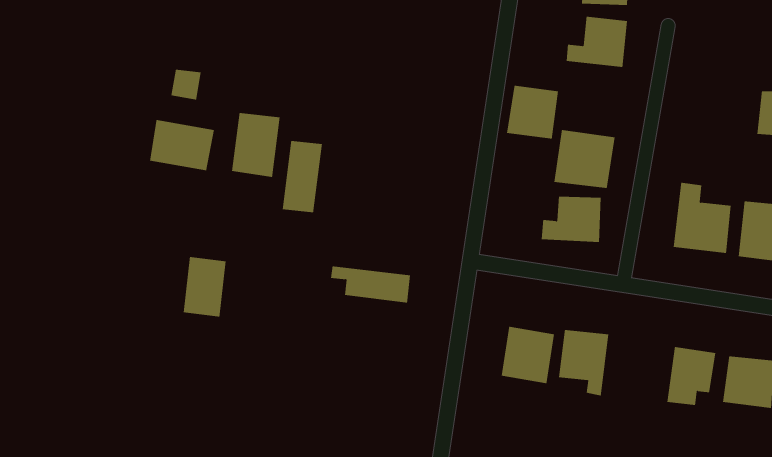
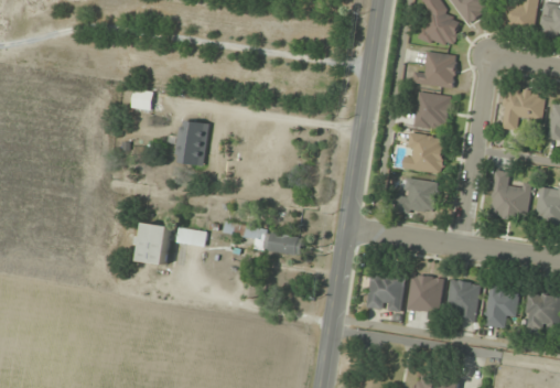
building: none -> [502,87,545,130]
building: [506,85,559,139] -> [413,91,451,130]
building: [149,119,215,171] -> none
building: [282,140,323,213] -> none
building: none -> [175,226,207,247]
building: none -> [445,278,481,322]

